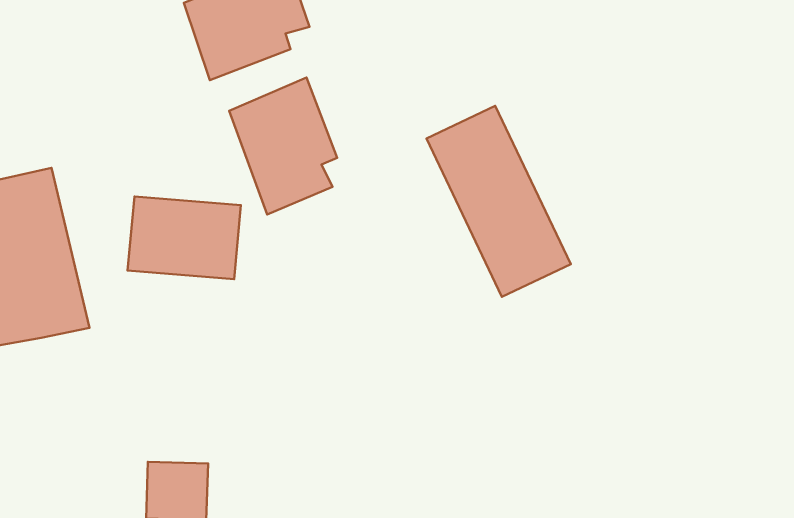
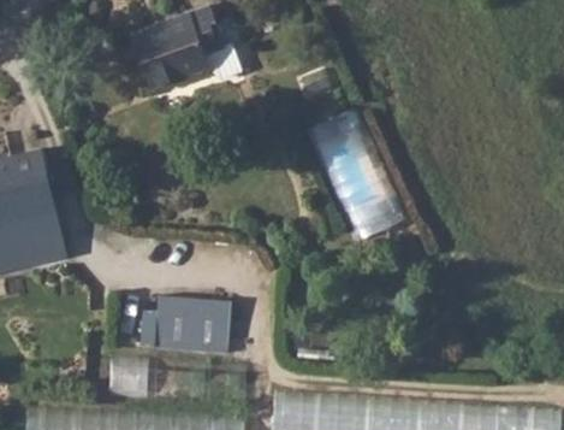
building: [229,78,337,214] -> none
building: [127,196,241,279] -> [150,294,230,352]

